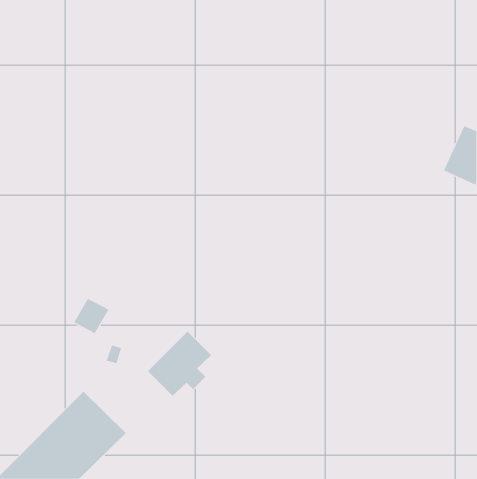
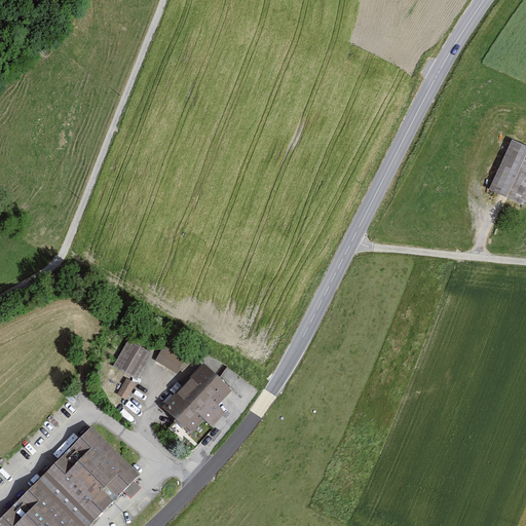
building: [74,298,109,334] -> [113,341,152,380]
building: none -> [154,345,185,375]

